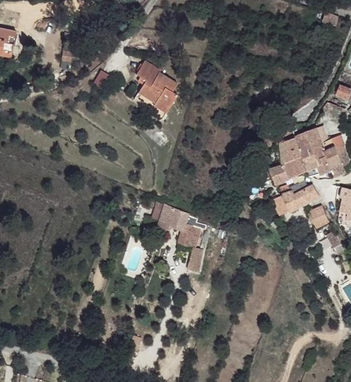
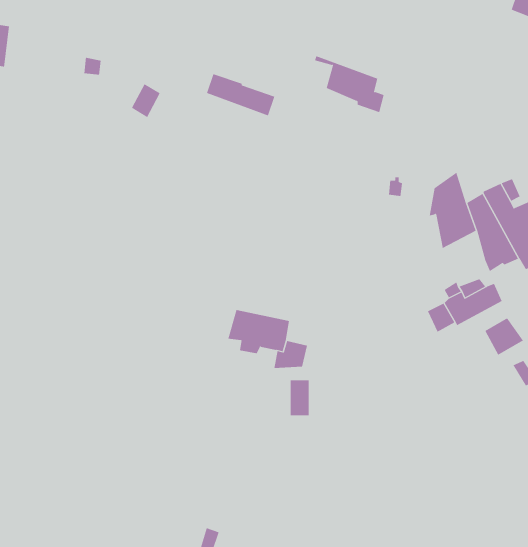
building: [136,72,179,107] -> [314,56,385,113]
building: [269,156,307,189] -> none

